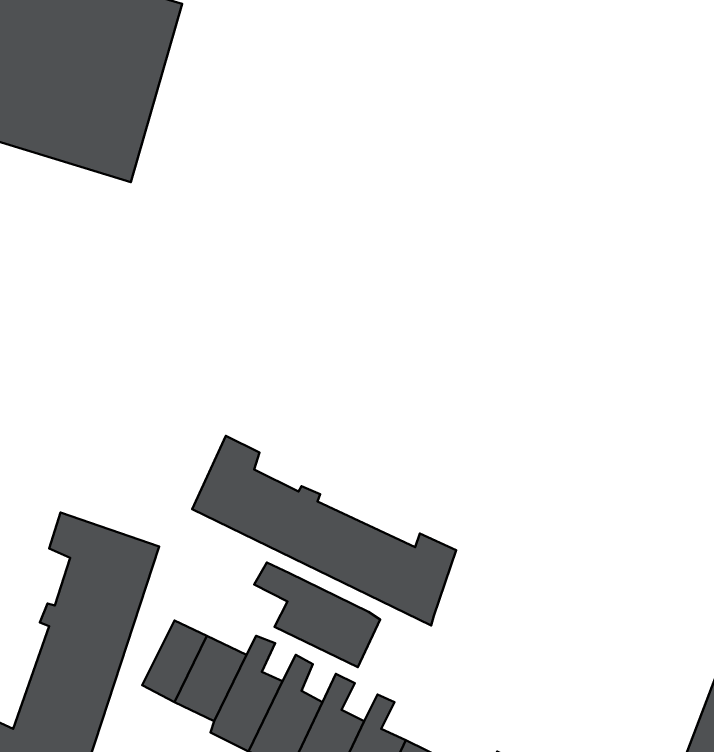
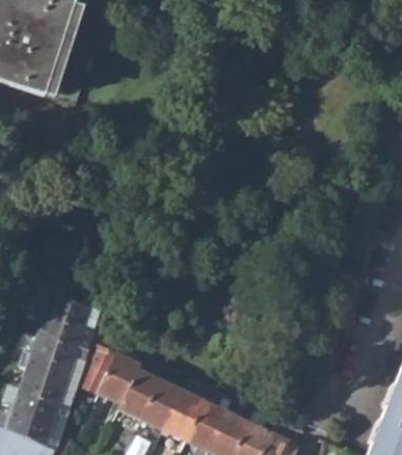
building: [192,436,456,625] -> none
building: [254,563,380,667] -> none

